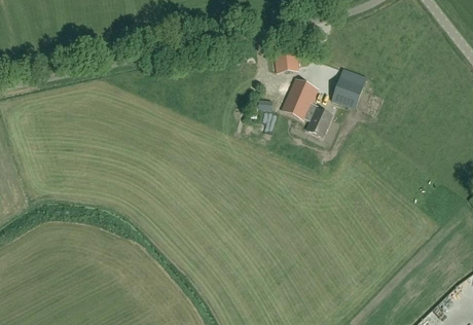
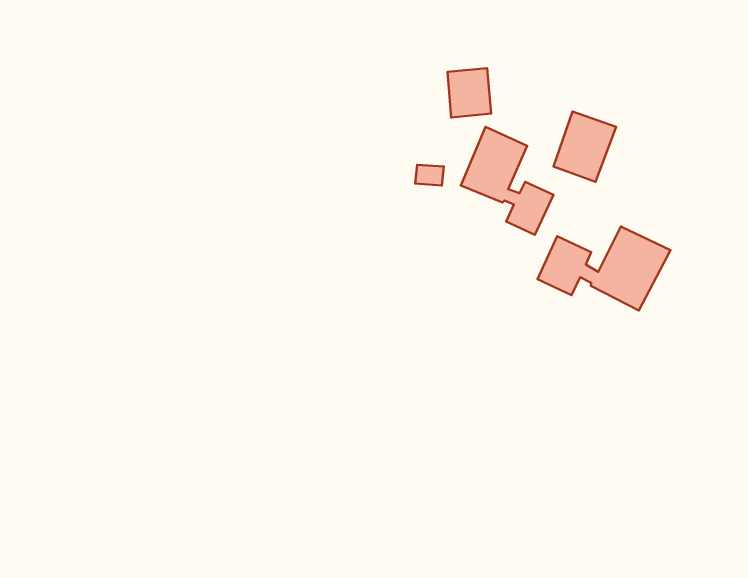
building: none -> [537,226,670,311]

